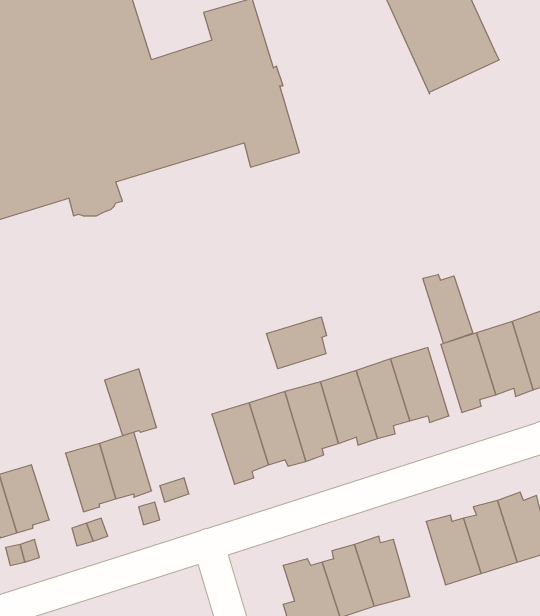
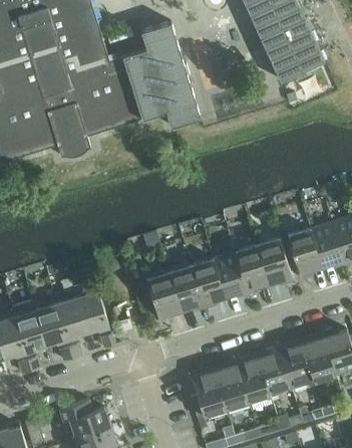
building: [423,274,473,343] -> none
building: [267,317,327,369] -> none
building: [105,369,157,436] -> [35,304,67,346]
building: none -> [259,347,291,393]

